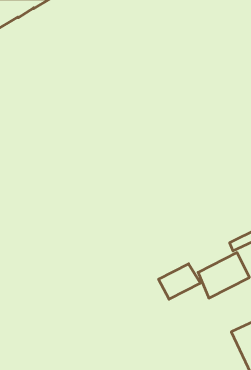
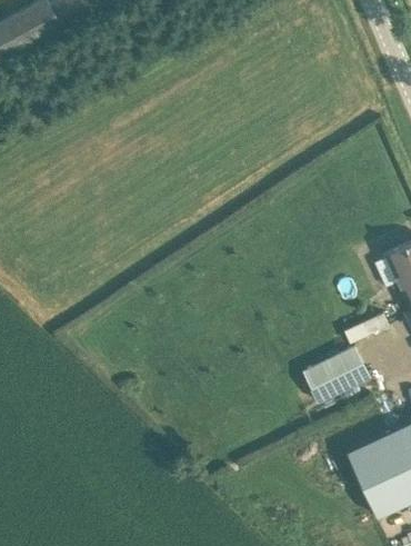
building: [159,264,200,299] -> none

